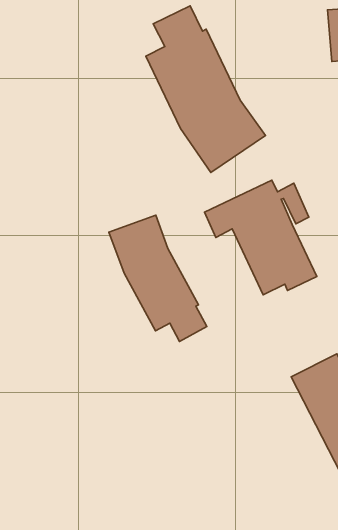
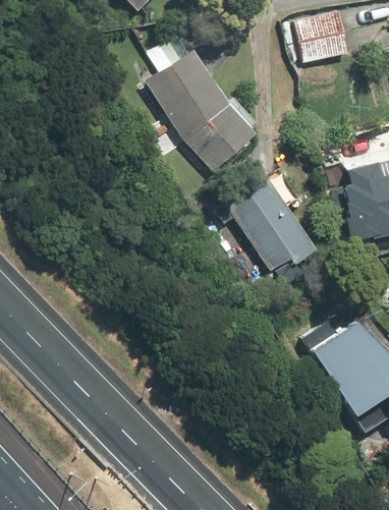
building: [109,215,207,341] -> none

